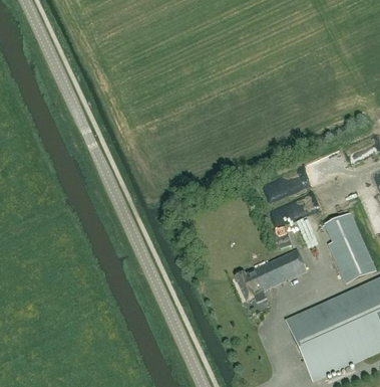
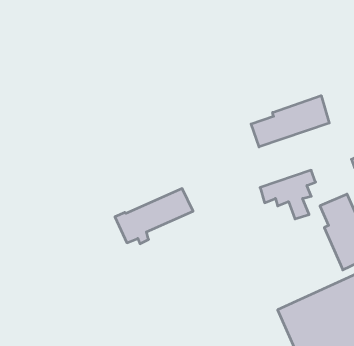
building: none -> [251,96,329,147]
building: [235,249,307,301] -> [115,189,193,244]

